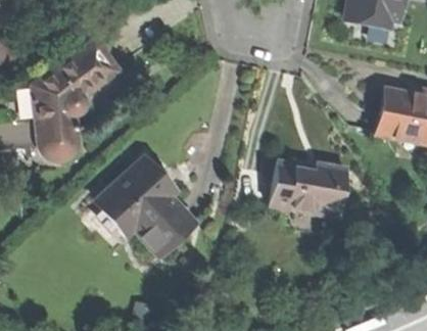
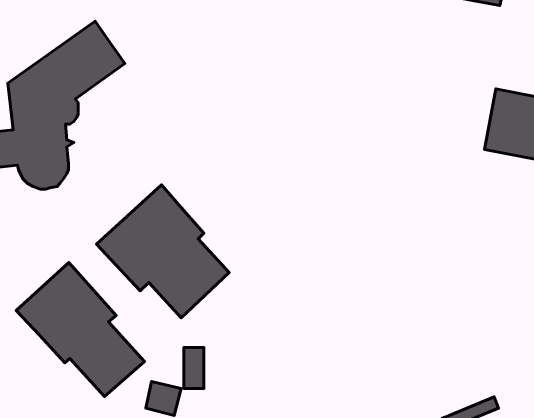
building: [271,160,347,217] -> none
building: none -> [16,262,145,397]

